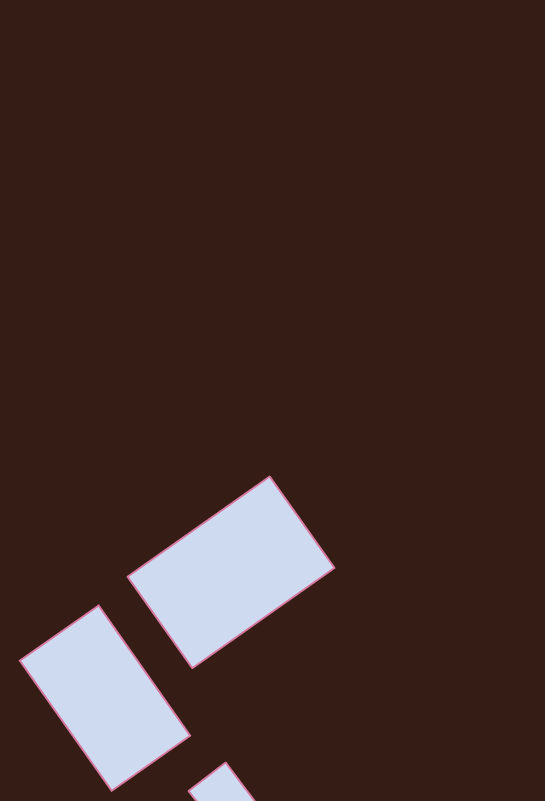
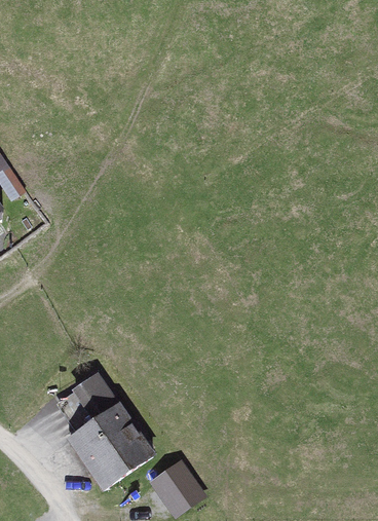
building: [128,477,334,668] -> none

